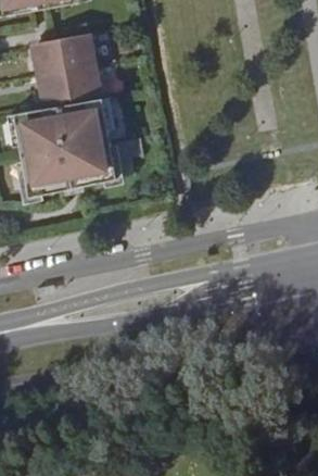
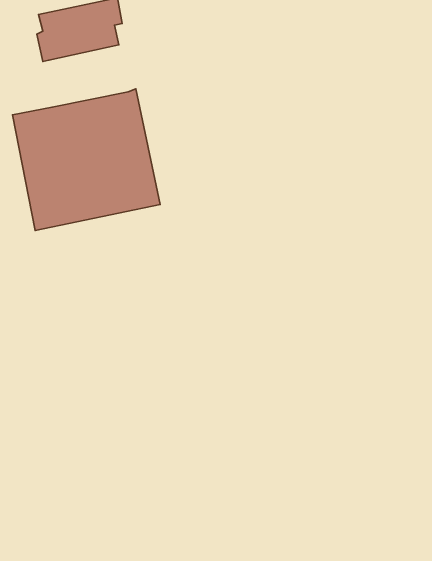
building: [40,62,101,108] -> none

